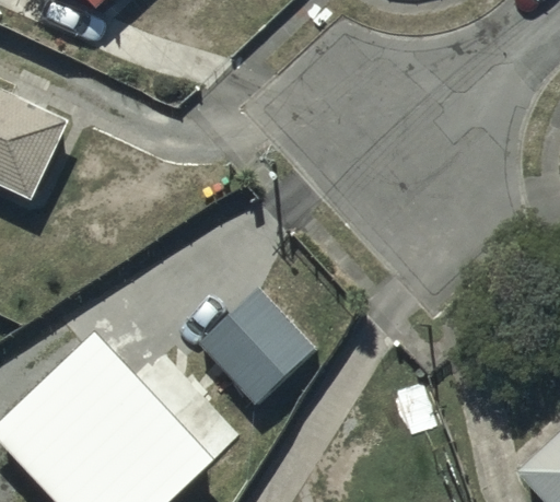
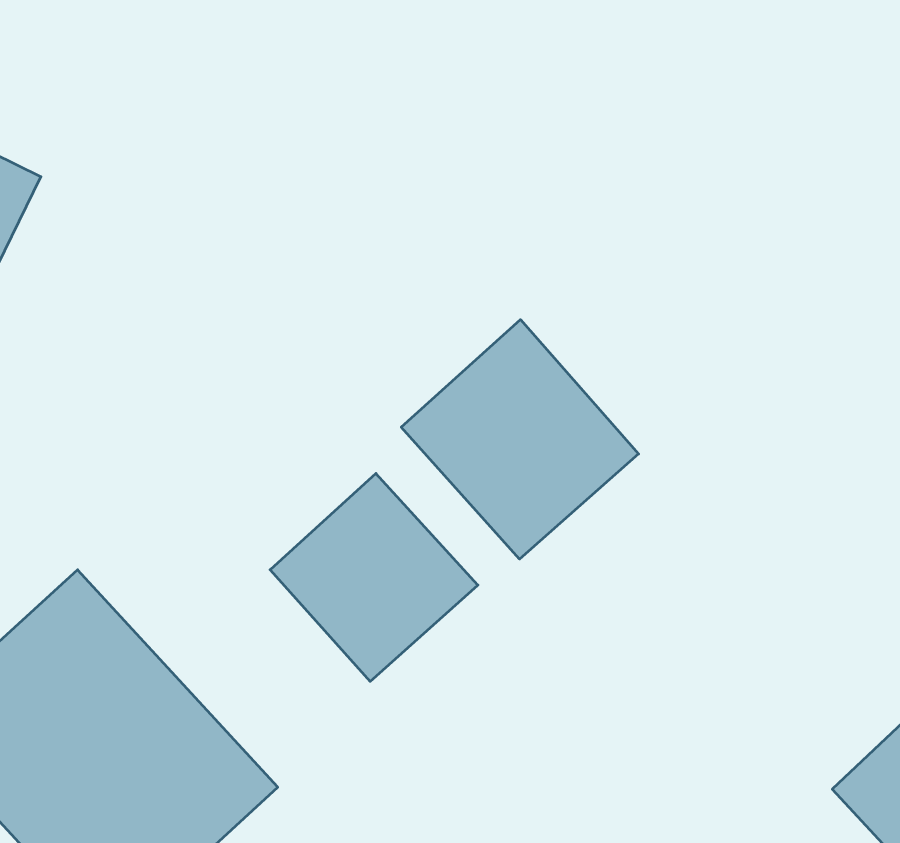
building: none -> [401,320,639,559]

